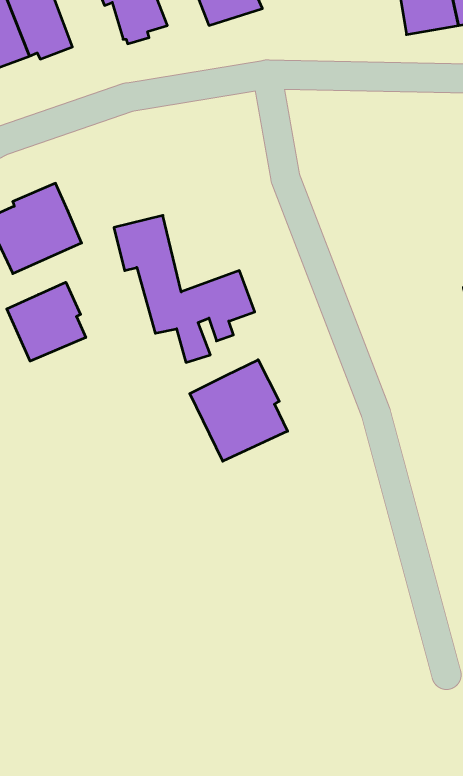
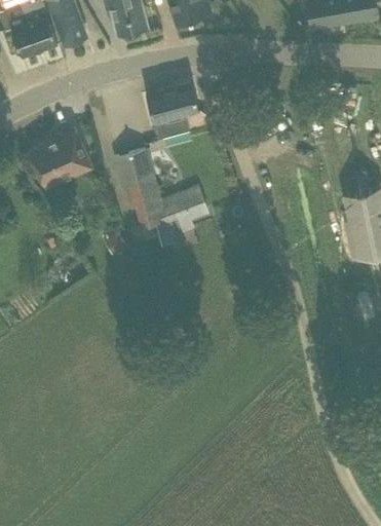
building: none -> [146,82,200,140]
building: [7,282,86,361] -> none
building: [190,360,288,461] -> none

